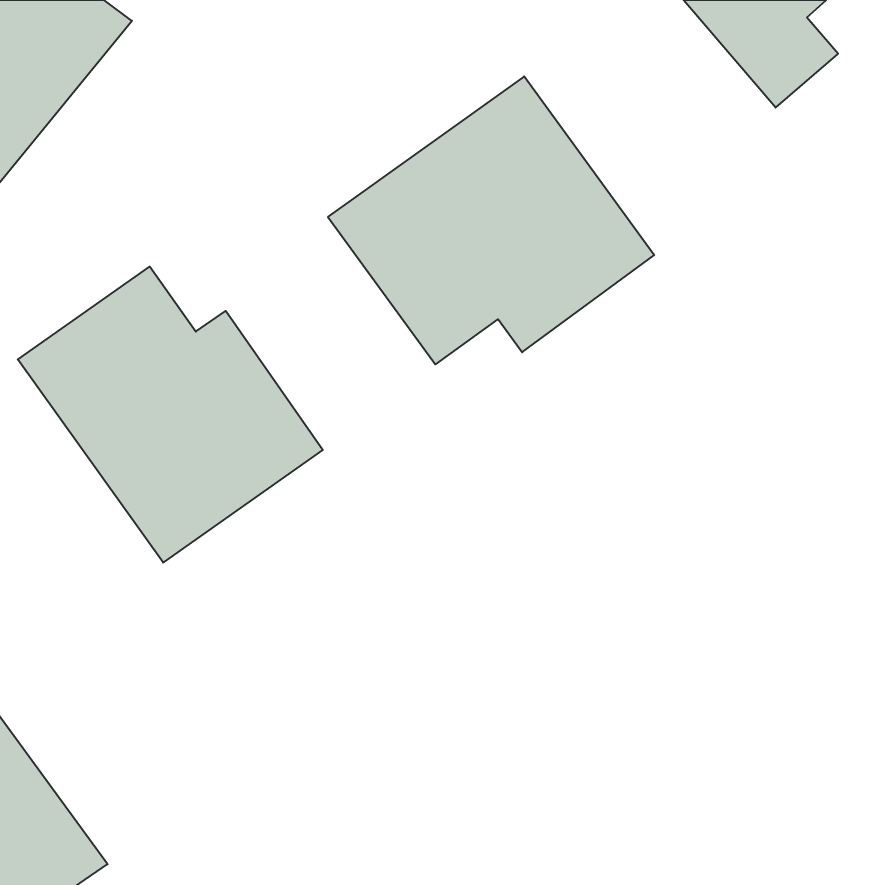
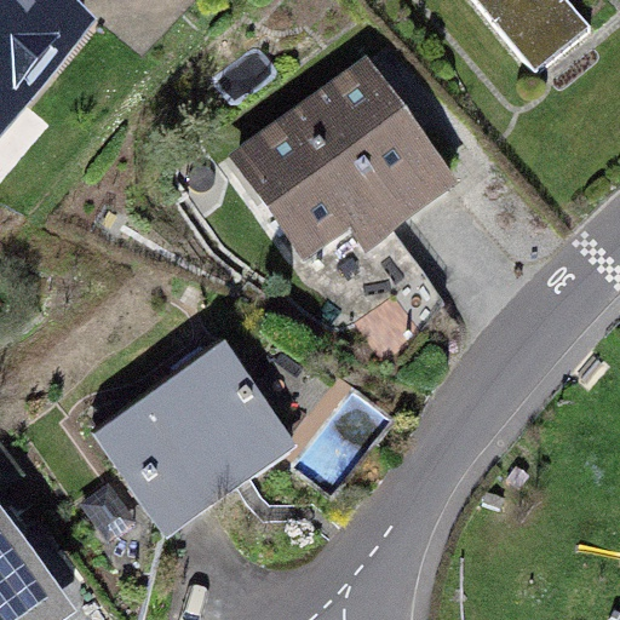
building: [18,267,323,563] -> none
building: none -> [92,343,294,536]

